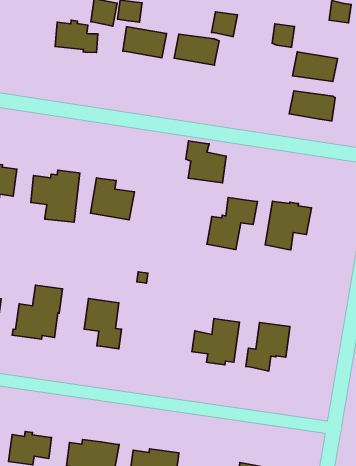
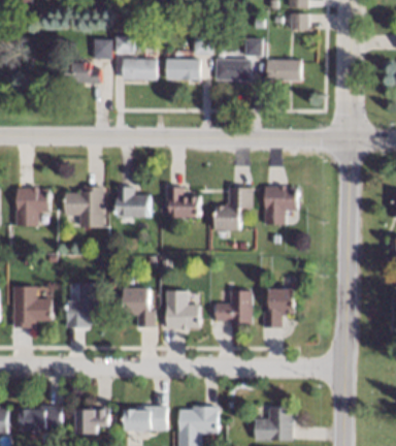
building: [289,91,335,121] -> [217,59,253,79]
building: [186,141,226,183] -> [166,187,199,218]
building: none -> [165,290,199,329]

